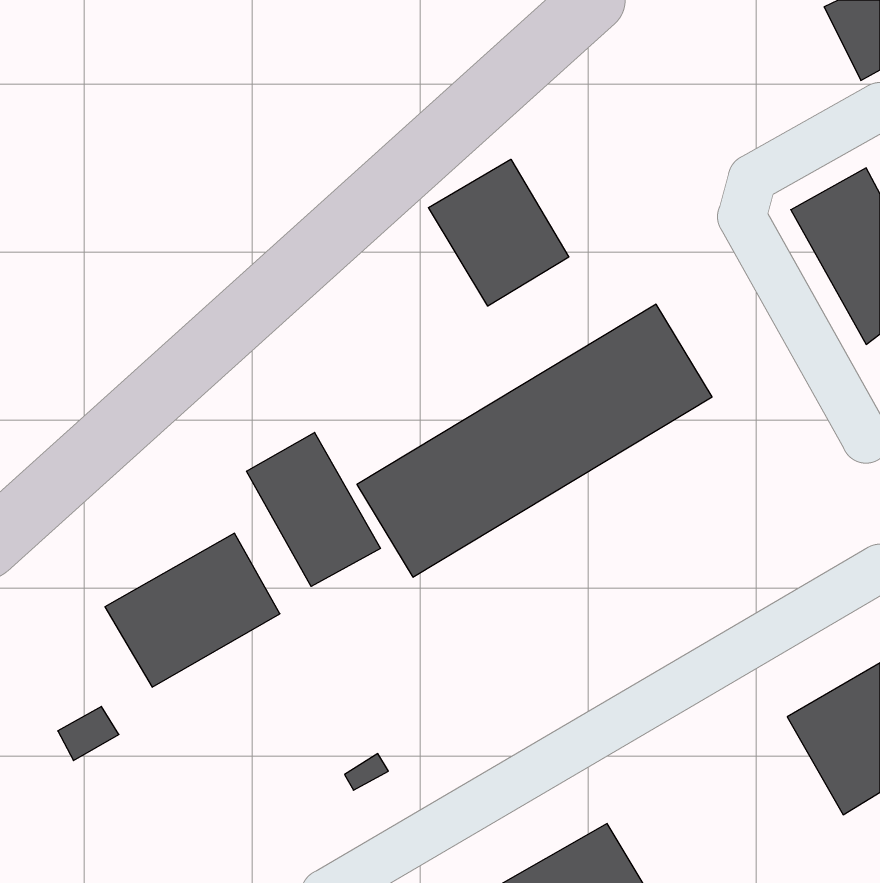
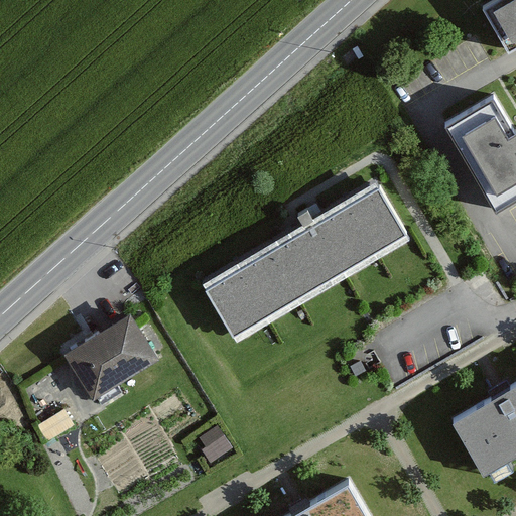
building: [428,159,569,306] -> none
building: [247,432,380,586] -> none

